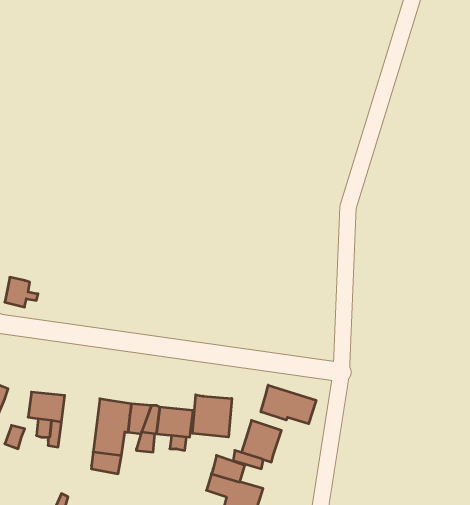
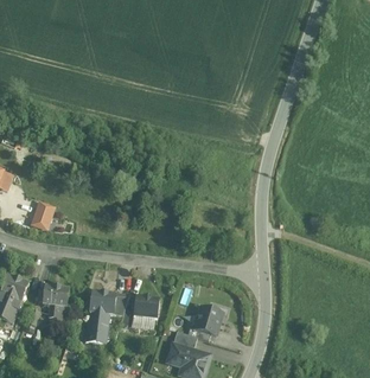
building: [261,385,316,424] -> none
building: [193,395,232,437] -> none

